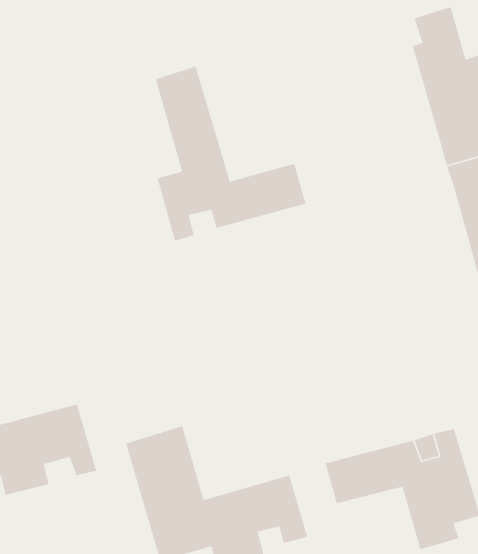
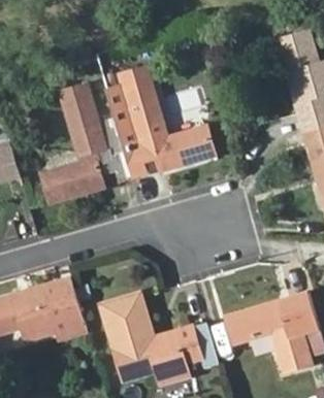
building: none -> [41,86,133,202]

